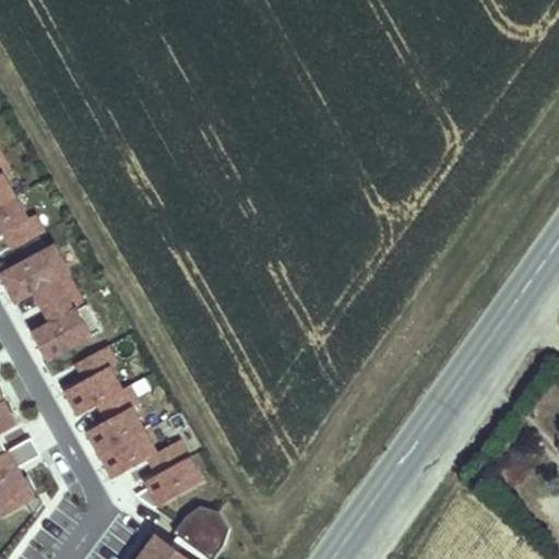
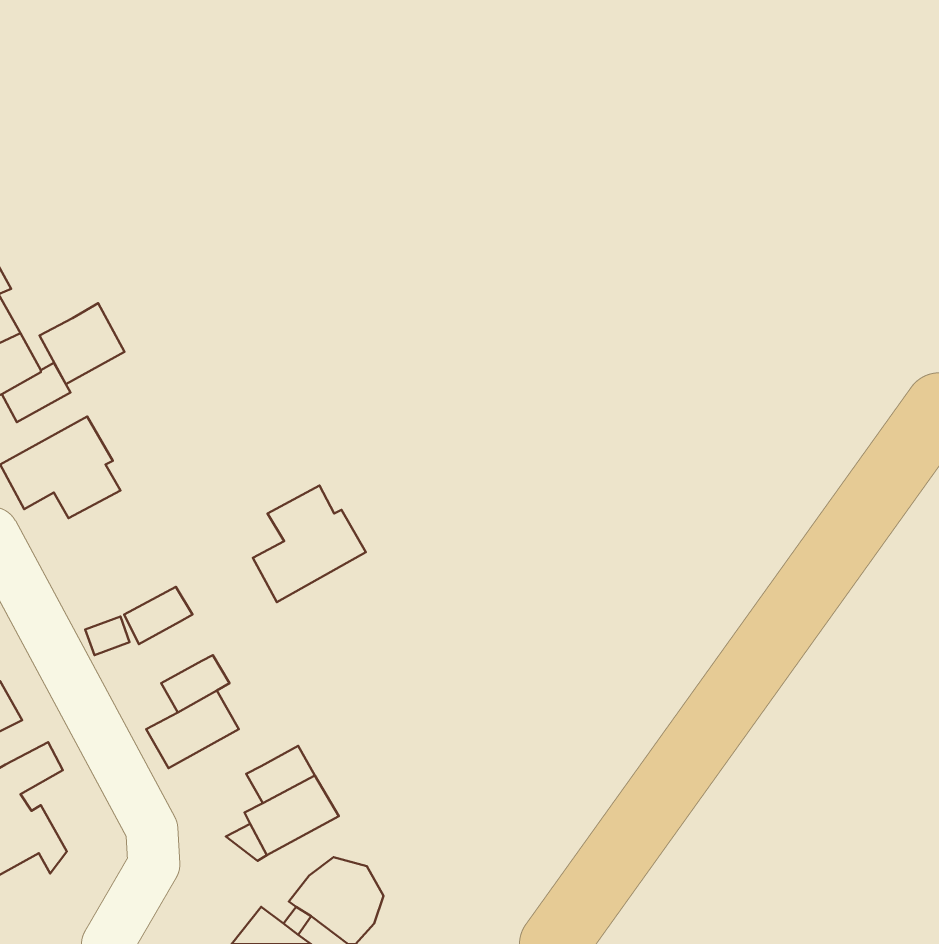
building: none -> [40,303,125,384]
building: [32,289,98,358] -> [253,486,366,602]
building: [64,367,119,413] -> none
building: [99,430,154,476] -> none

